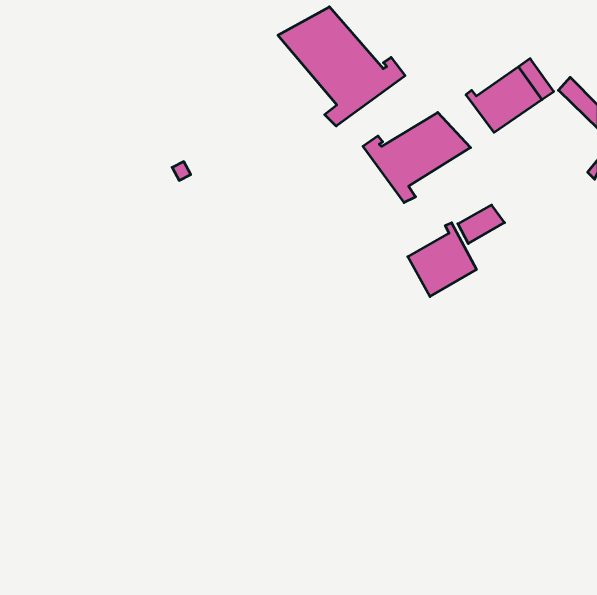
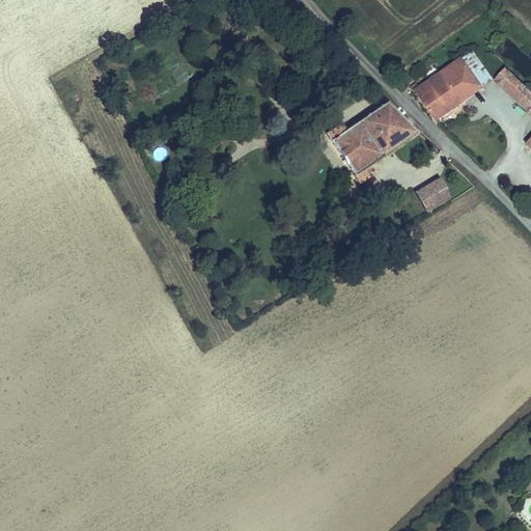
building: [278,7,405,126] -> none
building: [408,223,476,297] -> none

